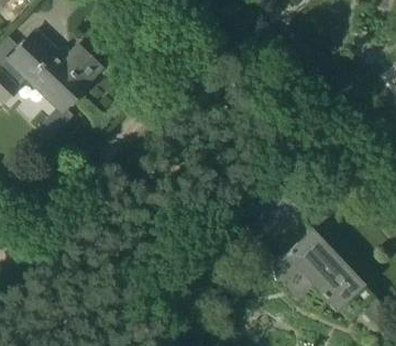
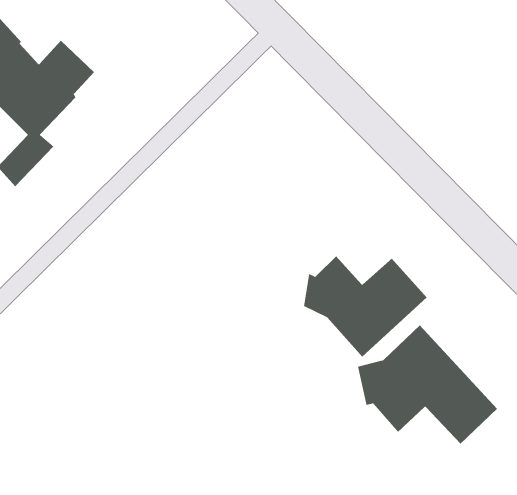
building: none -> [304,256,427,358]

